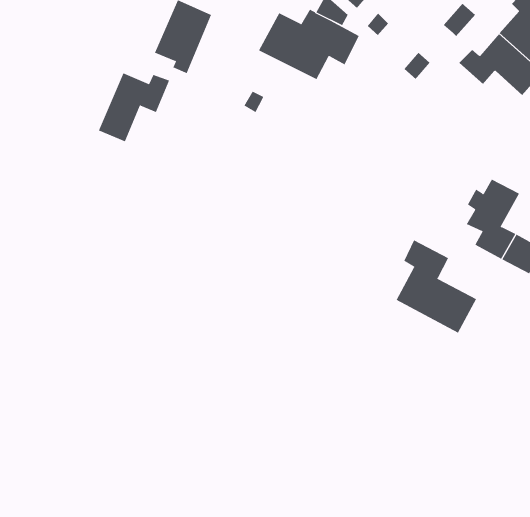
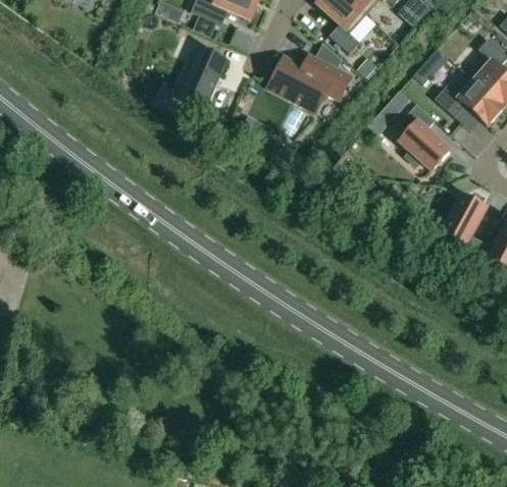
building: none -> [400,104,450,170]
building: [98,72,170,142] -> none
building: [396,239,477,334] -> none

